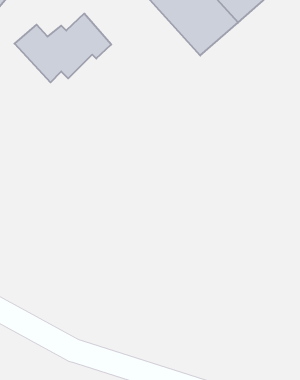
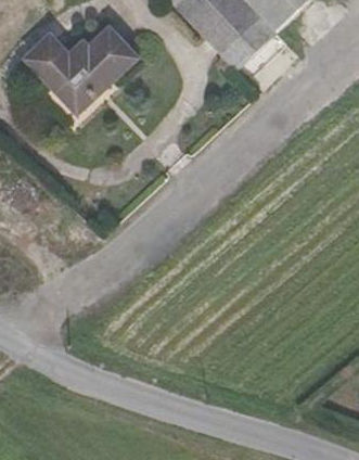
building: none -> [25,53,120,113]

